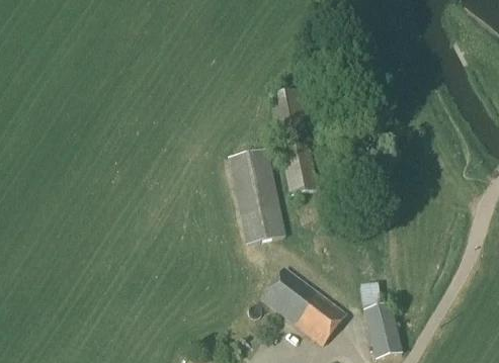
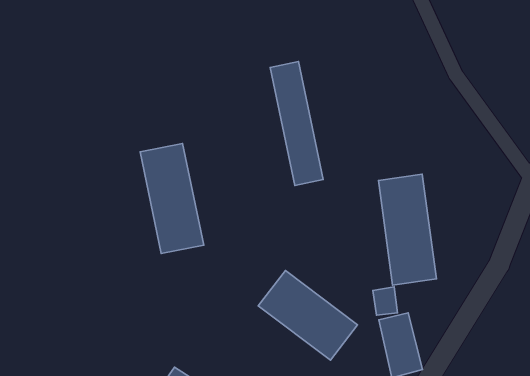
building: [229,148,283,242] -> [140,144,204,253]
building: none -> [378,174,436,285]

